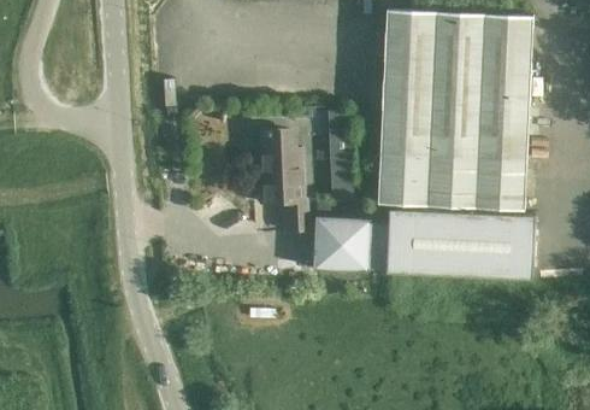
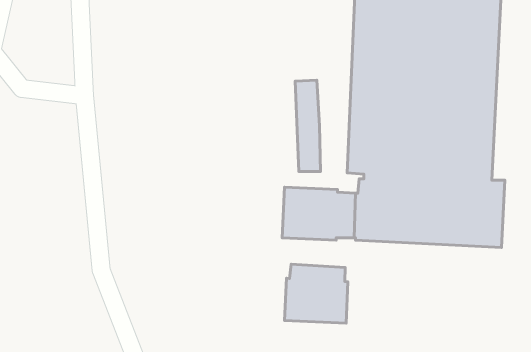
building: [259,130,306,232] -> none
building: none -> [285,264,348,323]

